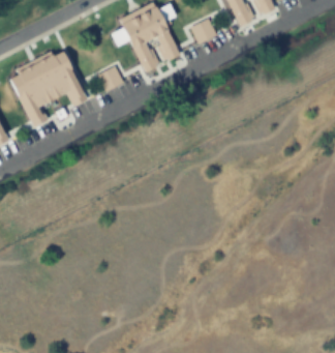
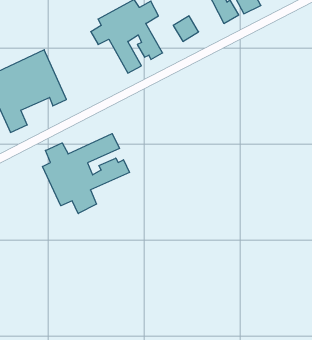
building: [98,66,123,92] -> none
building: none -> [43,134,129,214]

